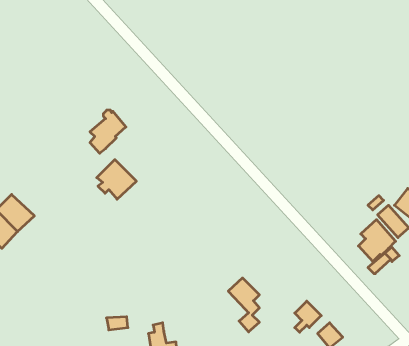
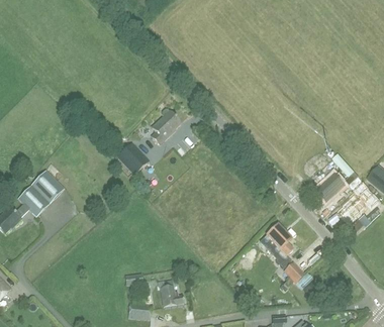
building: [90,110,126,153] -> [151,107,181,143]
building: none -> [316,173,345,200]
building: [228,278,259,332] -> [266,222,292,267]

